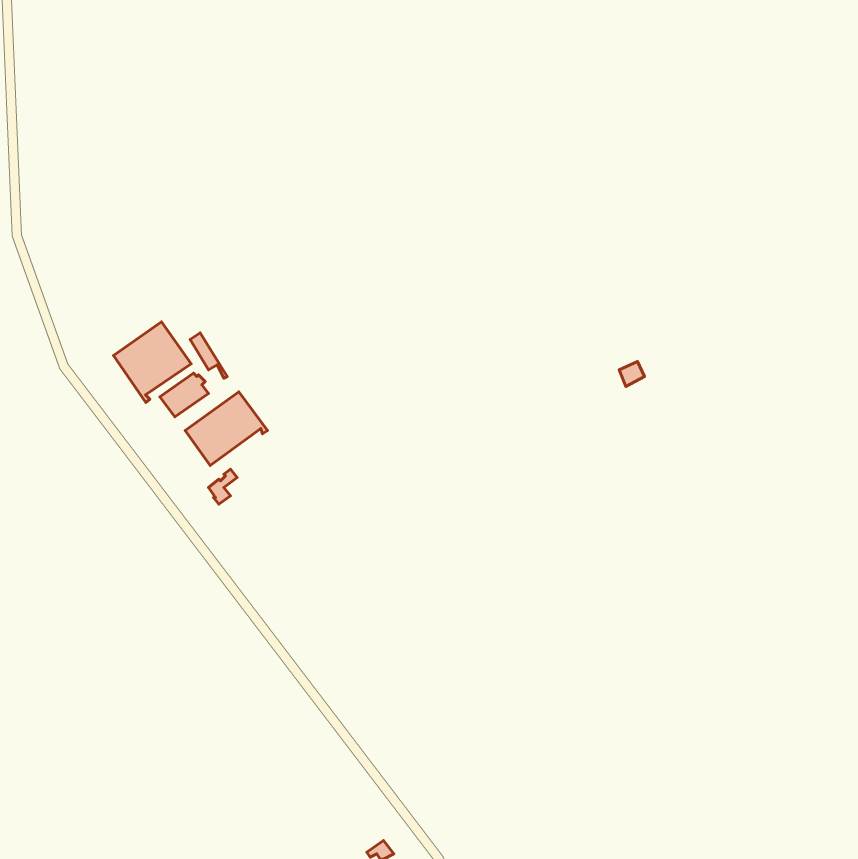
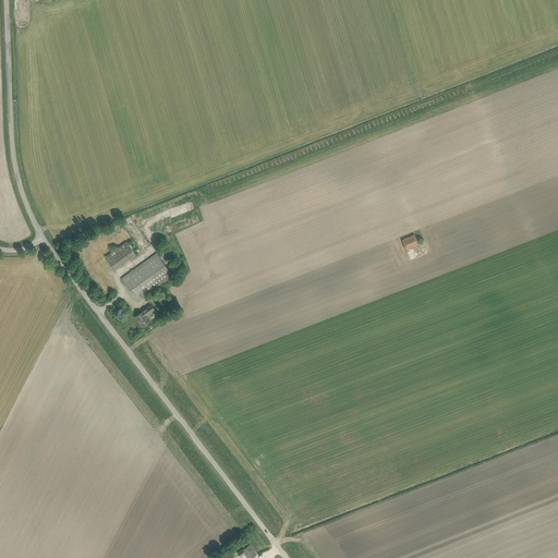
building: [113,322,191,402] -> none

